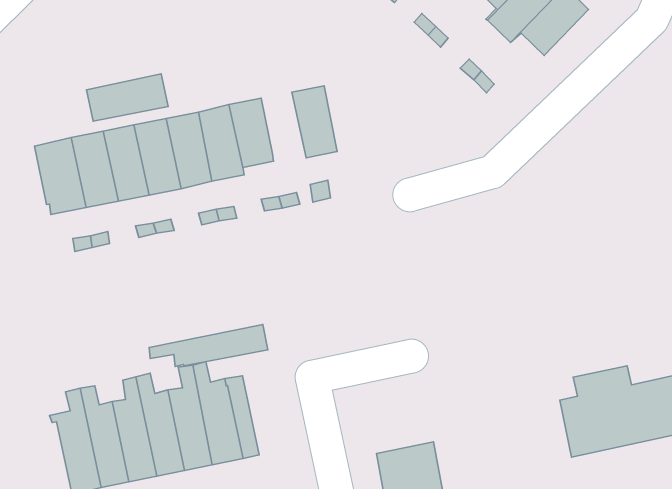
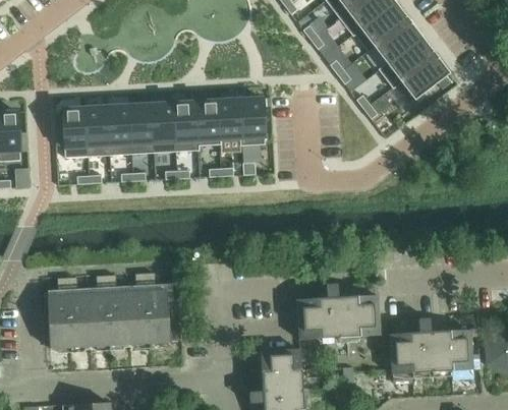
building: [87,74,168,121] -> none
building: none -> [219,99,243,144]
building: [149,325,268,367] -> none
building: none -> [297,283,380,339]

